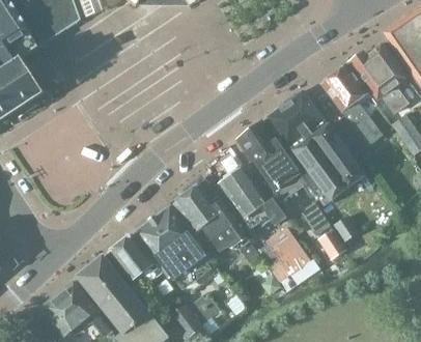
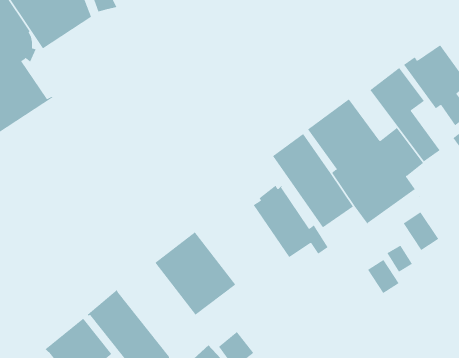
building: [172,179,259,263] -> none
building: [300,202,331,236] -> [403,211,439,251]
building: [265,228,310,277] -> none
building: [108,234,161,283] -> none

